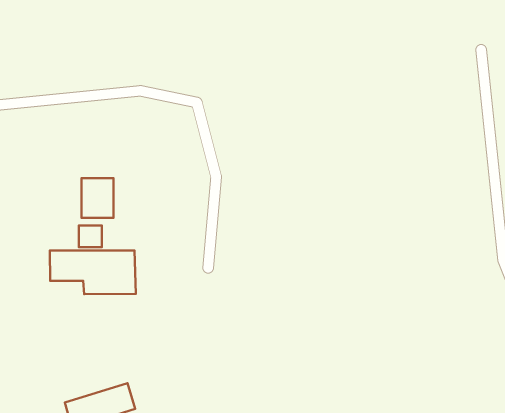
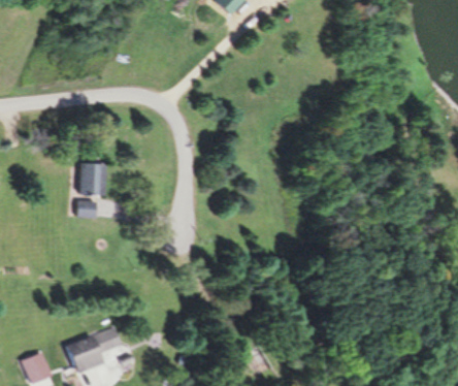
building: [50,251,136,294] -> none

